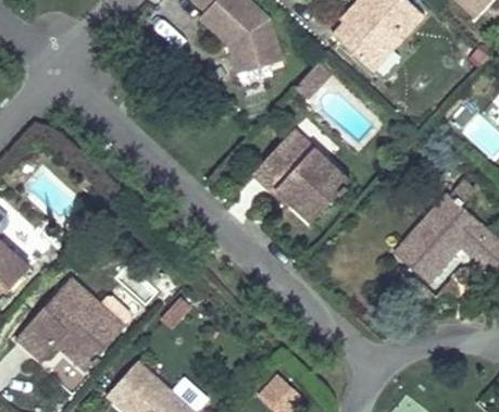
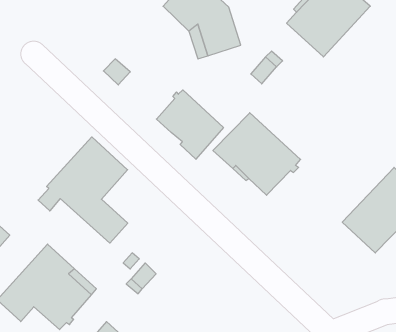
building: none -> [156,90,223,159]
building: none -> [38,137,128,243]

